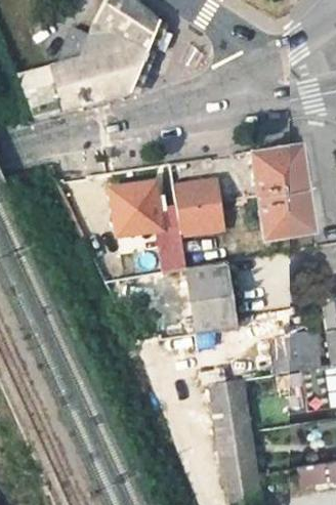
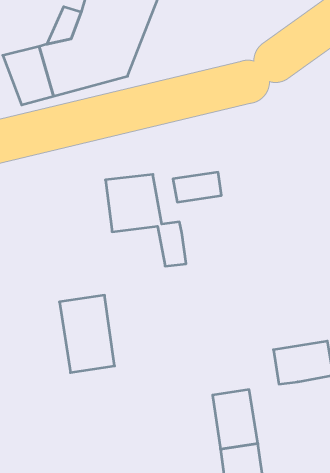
building: [250,143,314,237] -> none
building: [177,202,222,237] -> none
building: [185,262,237,334] -> [59,295,115,373]

